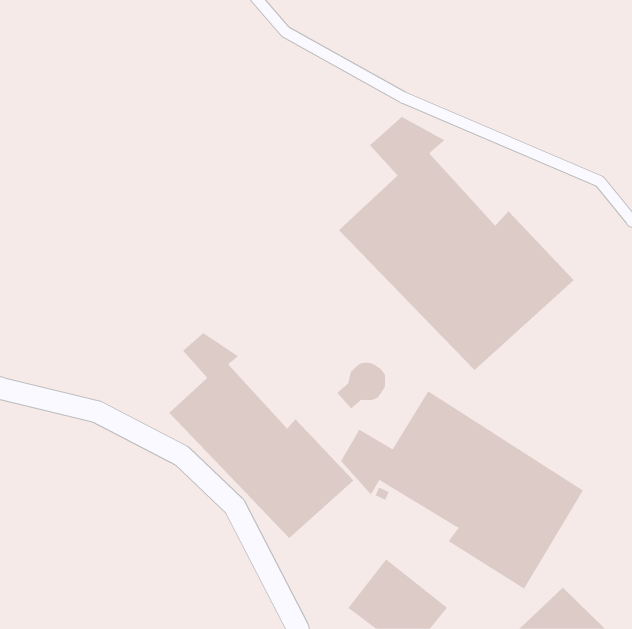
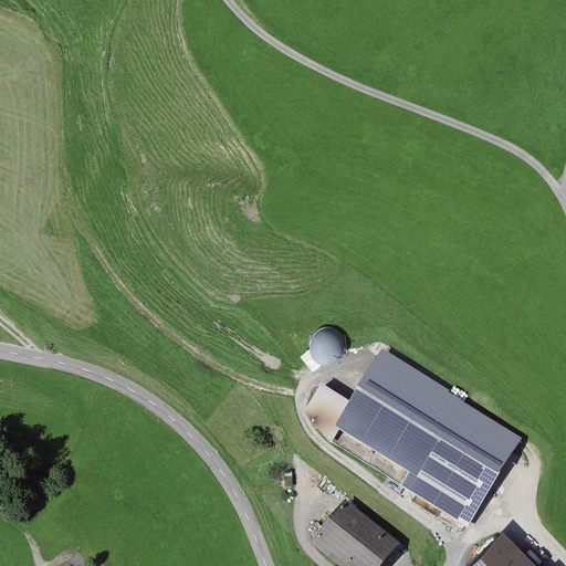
building: [338,116,575,371] -> none
building: [169,332,354,539] -> none

